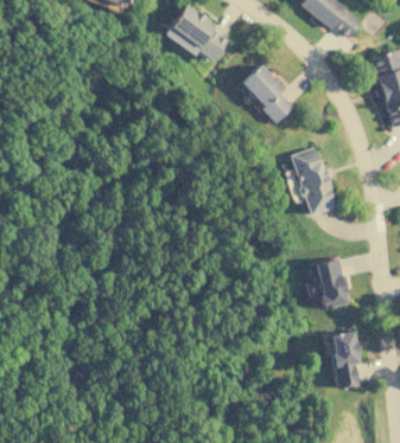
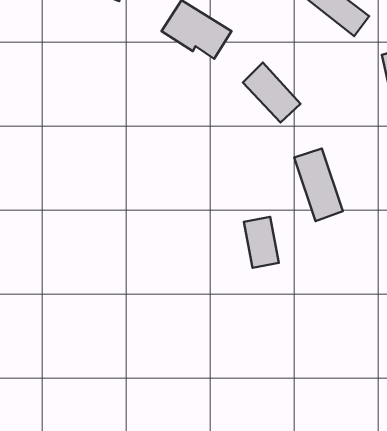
building: [315,258,348,307] -> [244,217,279,268]
building: [330,330,360,387] -> none

